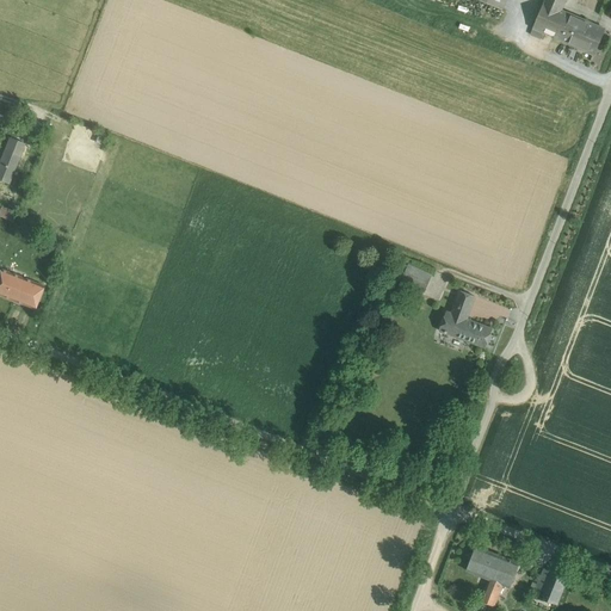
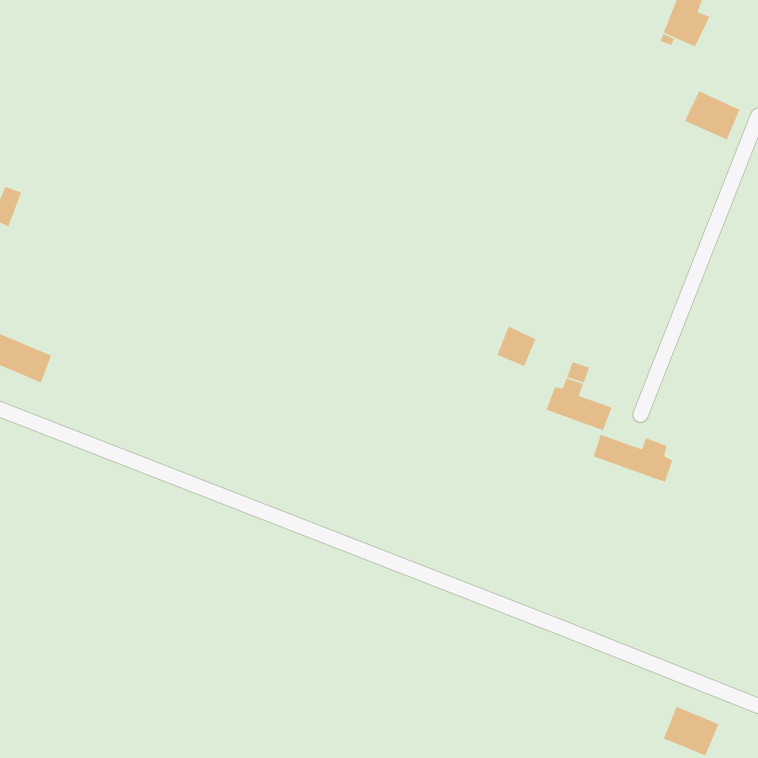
building: [558,13,604,54] -> [684,90,740,141]
building: none -> [593,434,673,483]
building: [465,544,519,604] -> none

